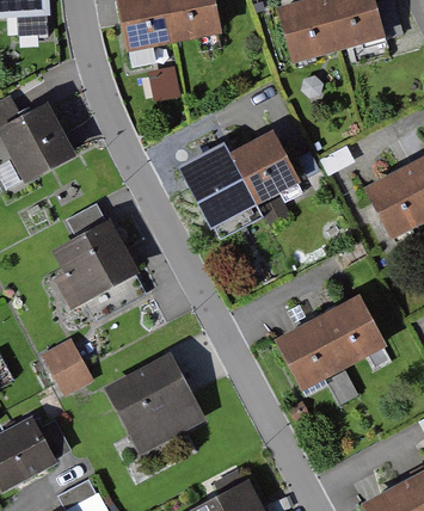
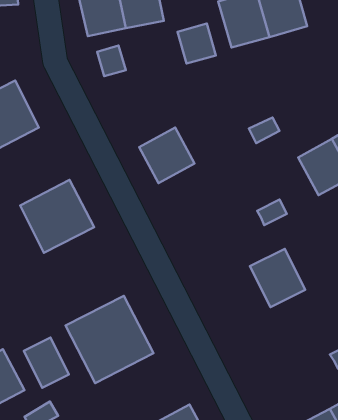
building: none -> [178,24,216,64]
building: [232,134,296,198] -> none
building: [278,318,343,386] -> none
building: [35,338,87,396] -> [24,337,69,388]

